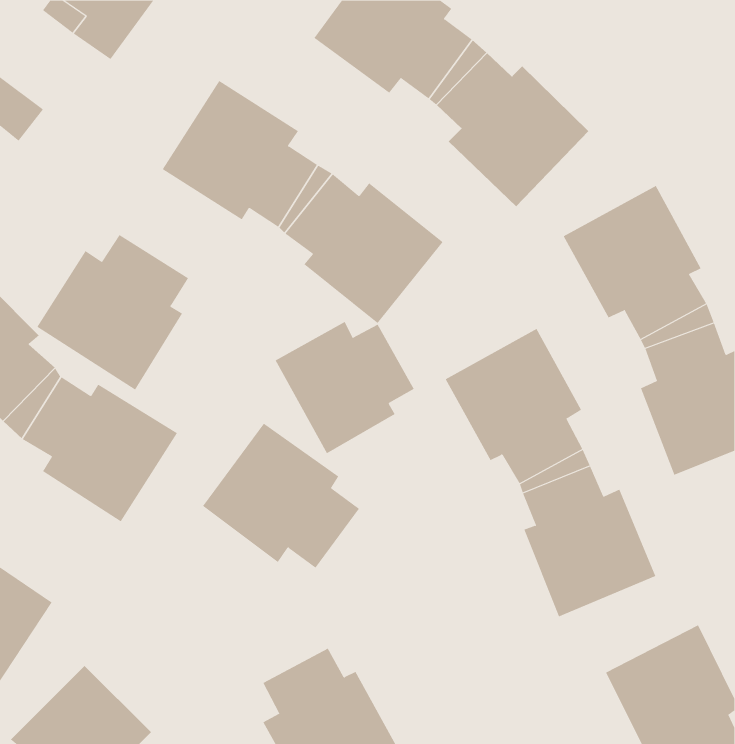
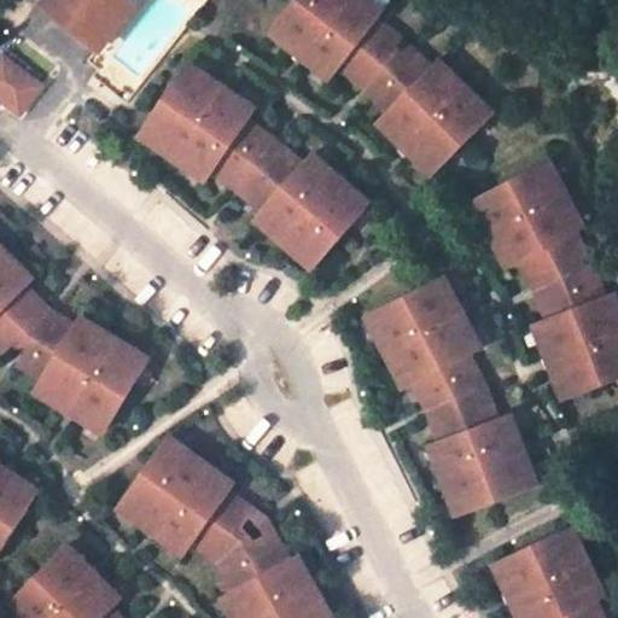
building: [36,234,189,390] -> none
building: [275,321,415,454] -> none
building: [202,423,360,569] -> [117,439,247,560]

